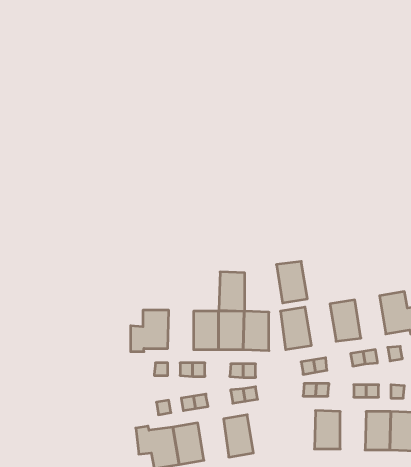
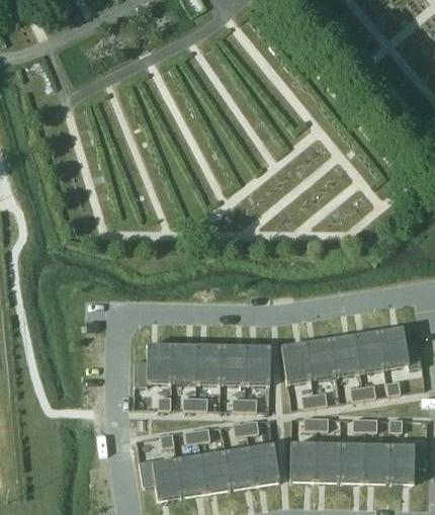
building: [276,261,307,303] -> [306,339,336,379]
building: [219,272,245,311] -> [171,345,196,383]
building: none -> [354,331,384,372]
building: none -> [290,442,316,481]
building: none -> [249,444,279,485]
building: none -> [340,444,365,482]
building: none -> [200,451,231,492]

